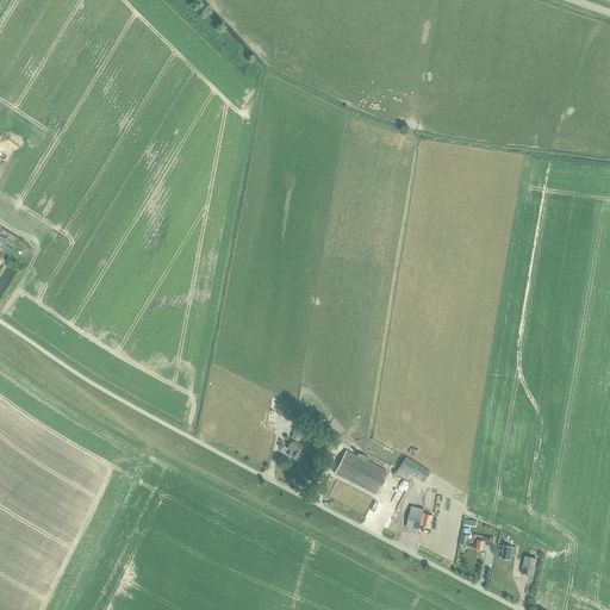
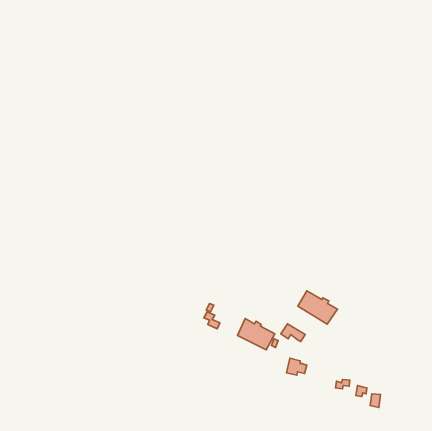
building: none -> [298,291,337,324]

